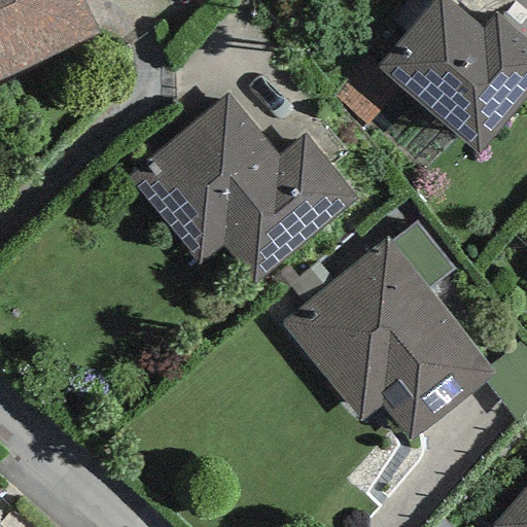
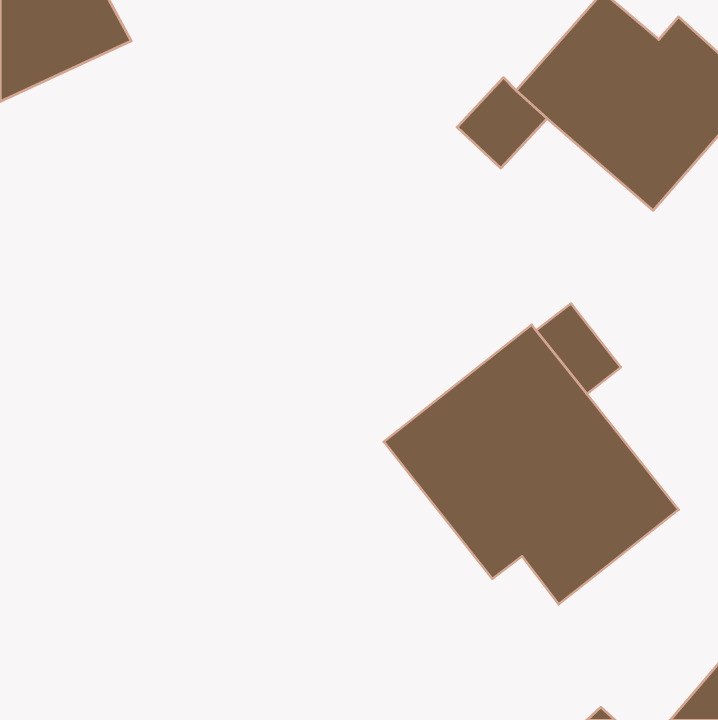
building: [129,95,357,280] -> none

